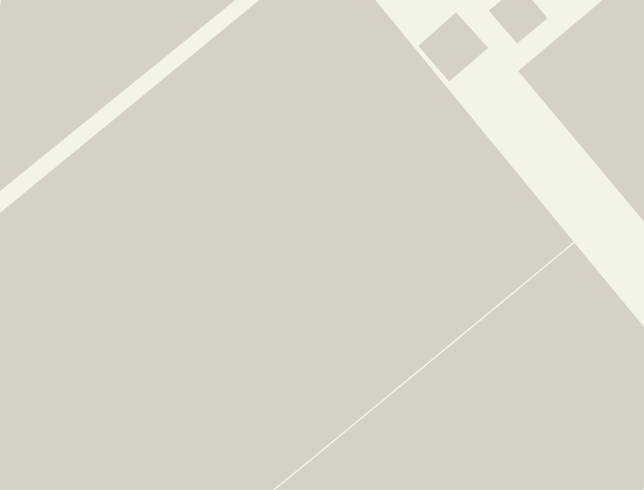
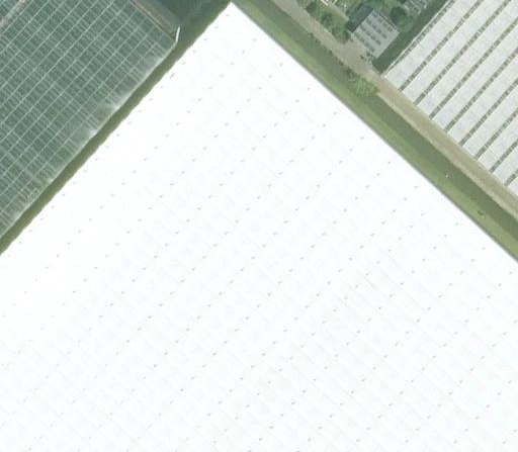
building: [418,12,489,82] -> none

